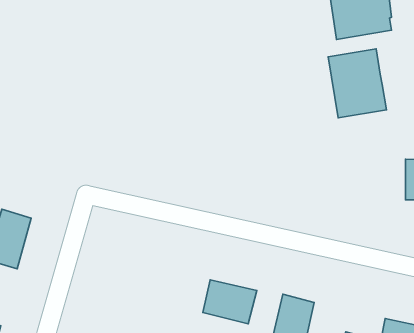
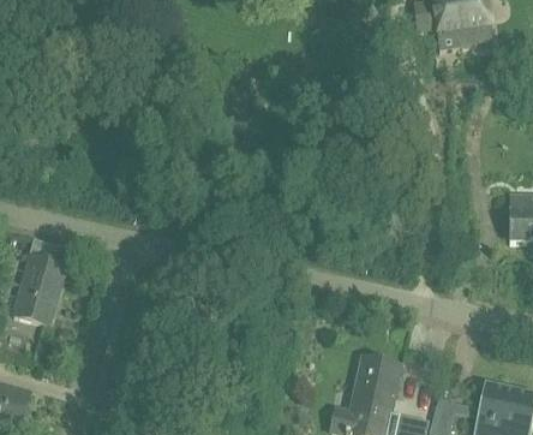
building: [328,49,386,118] -> none
building: [203,280,257,324] -> none

